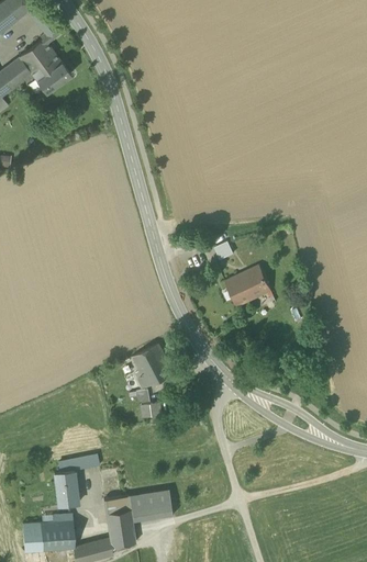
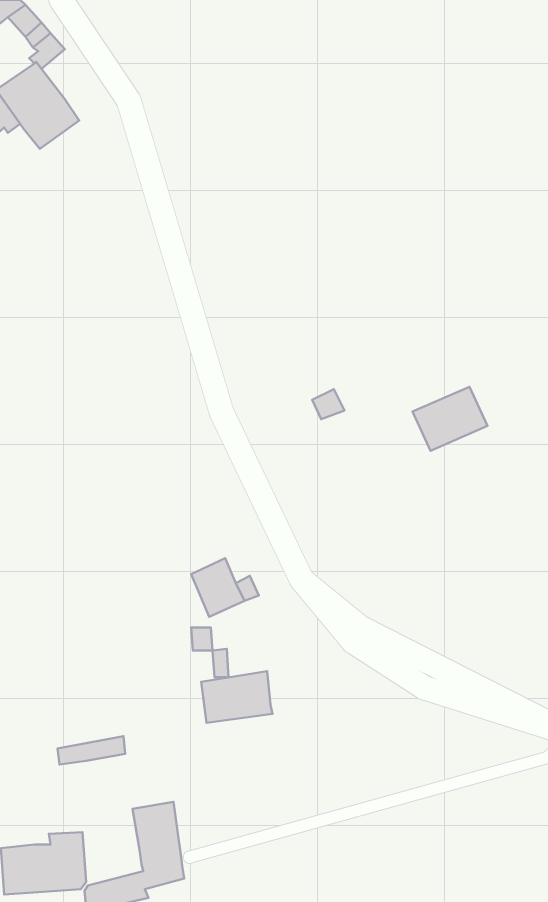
building: [224,267,270,306] -> [413,387,487,451]
building: [53,471,77,507] -> none
building: [129,490,173,521] -> [201,671,272,723]

